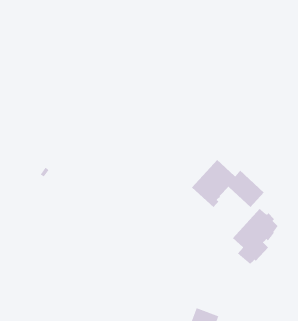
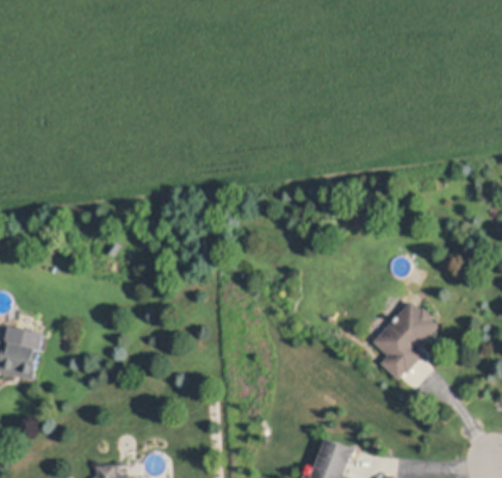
building: [191,159,265,208] -> none

